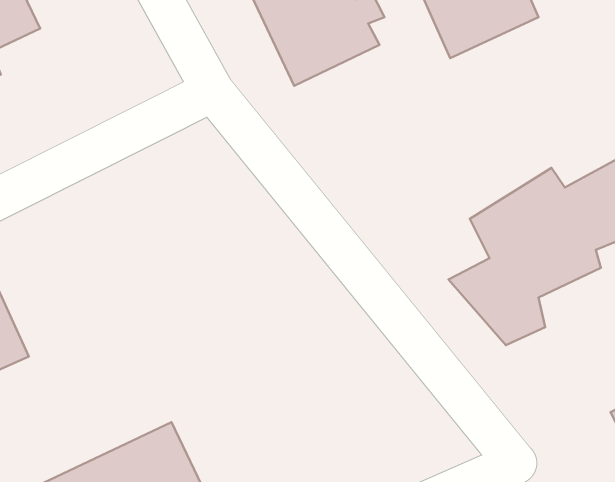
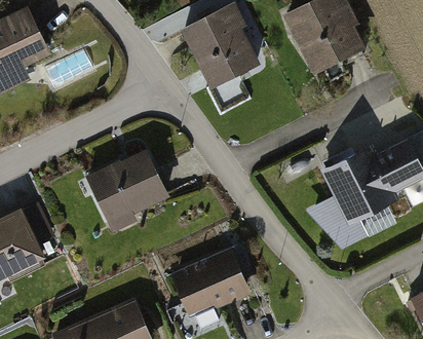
building: none -> [86,148,174,229]
building: none -> [169,251,251,328]

